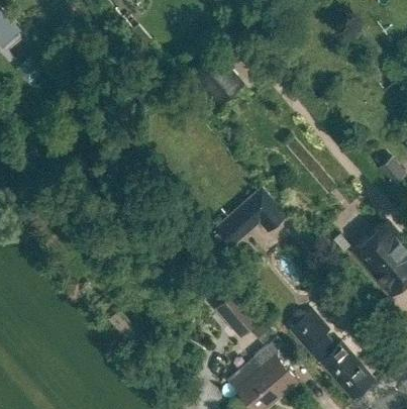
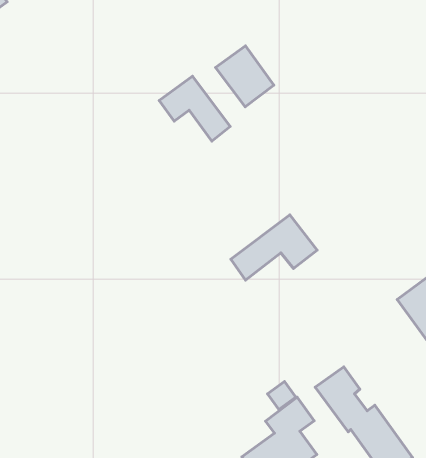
building: none -> [159,76,230,141]
building: [216,294,258,337] -> none

